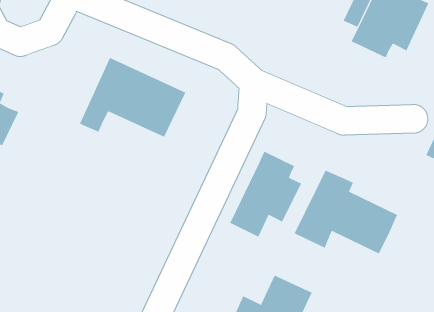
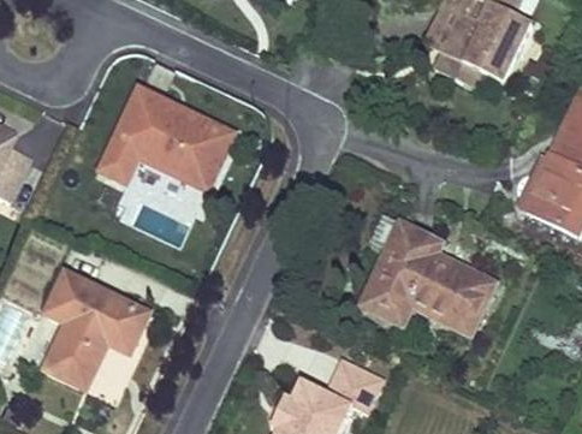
building: [229,151,302,238] -> none
building: none -> [44,270,148,387]

